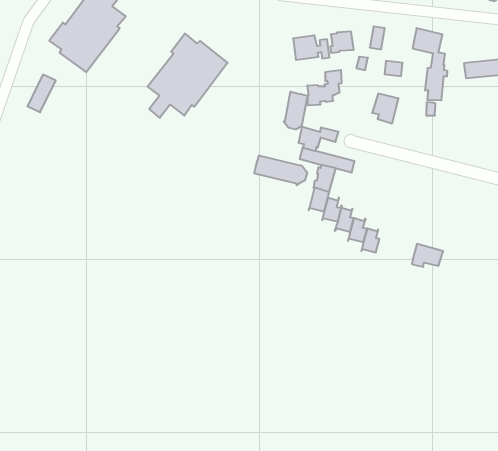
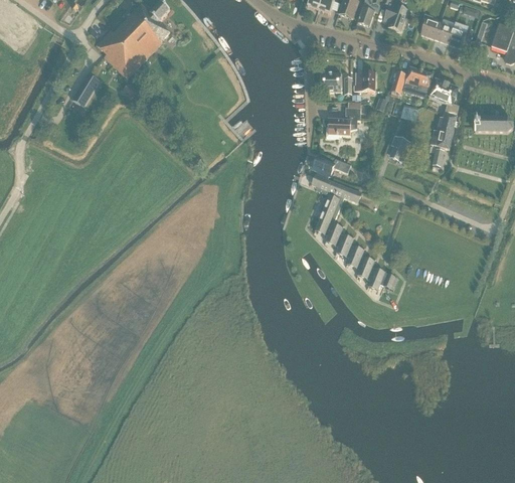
building: none -> [404,66,434,93]
building: [148,33,228,118] -> none
building: [284,92,307,129] -> none
building: [254,155,307,185] -> none
building: [412,244,443,267] -> [368,268,398,291]

